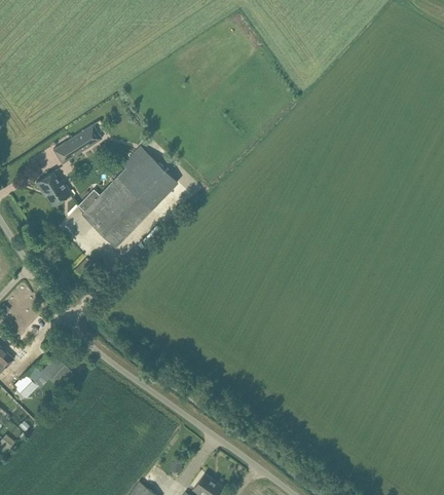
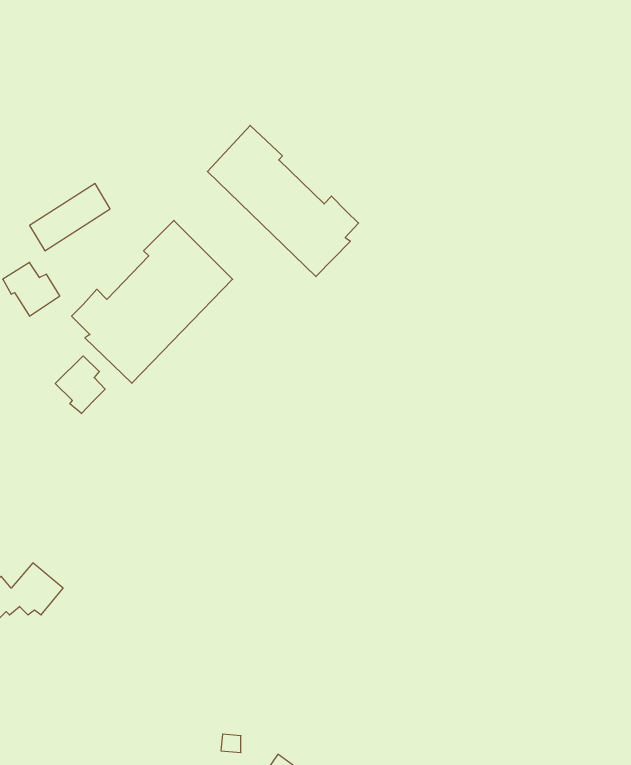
building: none -> [207,125,359,277]
building: none -> [55,356,105,414]

